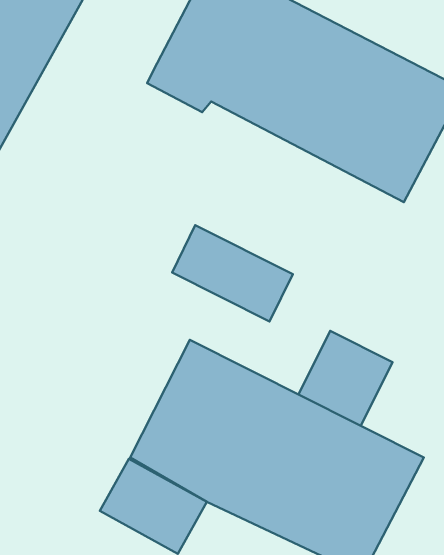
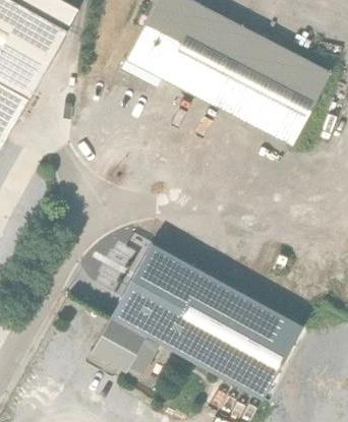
building: [172,225,293,321] -> none
building: [298,331,393,426] -> none

